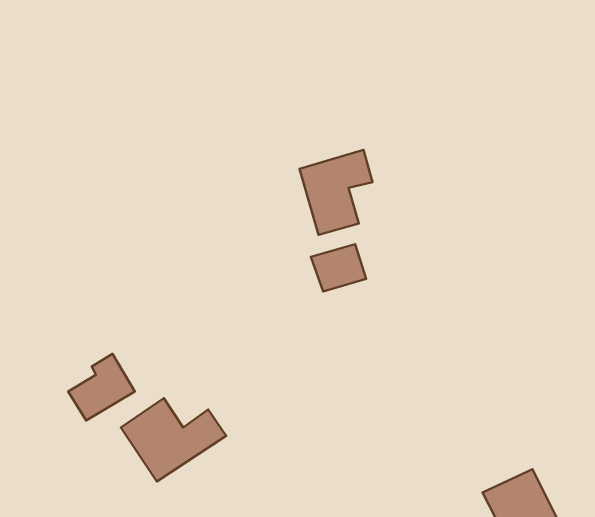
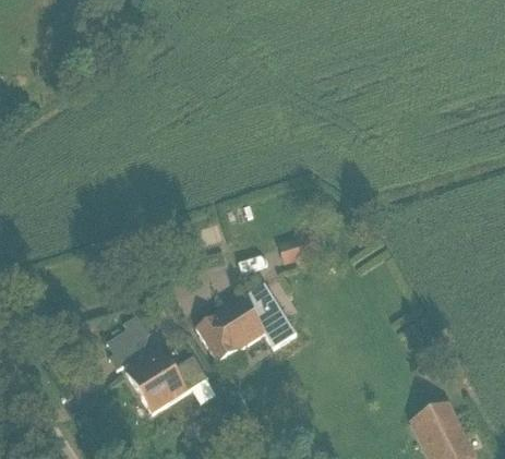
building: [299,150,373,235] -> none
building: none -> [196,283,296,363]

